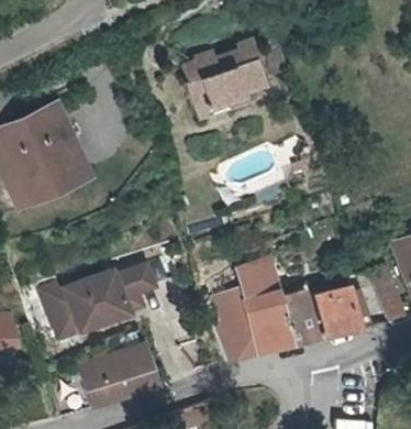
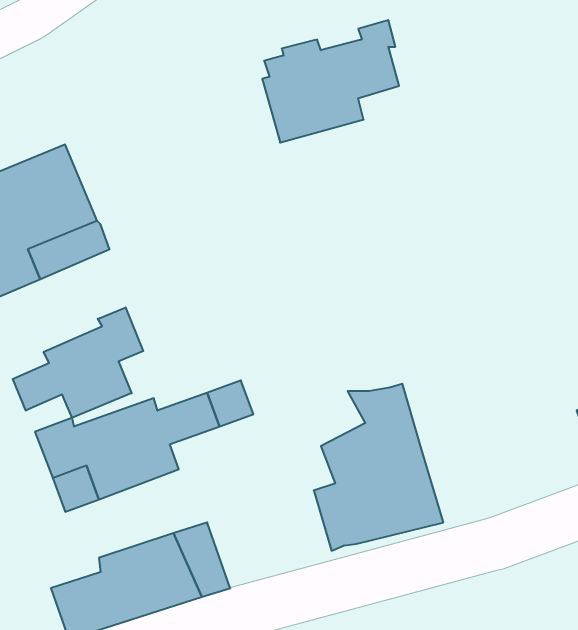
building: none -> [13,307,143,418]
building: [316,288,365,338] -> none
building: [280,294,320,345] -> none

